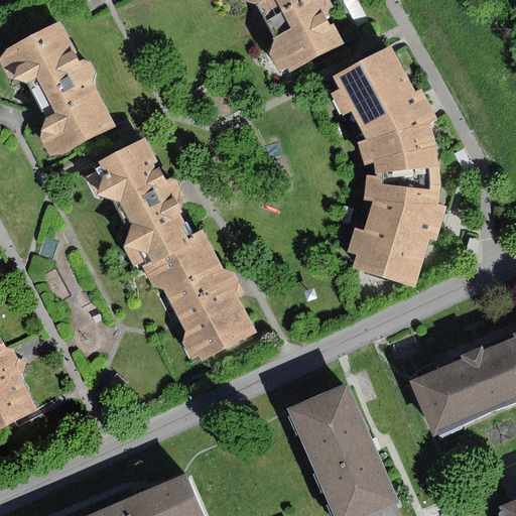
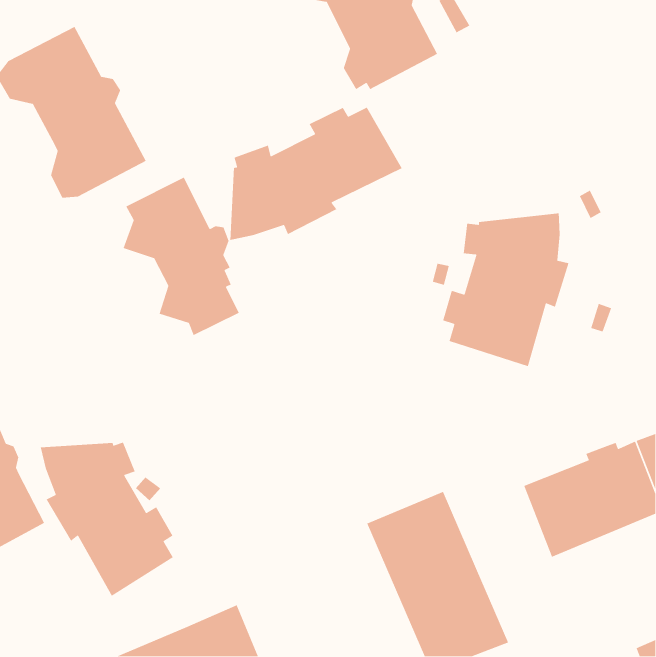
building: [330,46,437,173] -> none
building: none -> [229,106,403,241]
building: [142,236,256,364] -> none
building: none -> [40,441,174,597]

